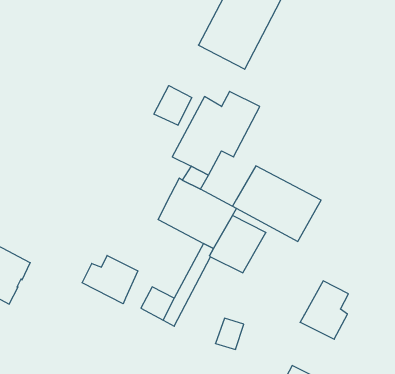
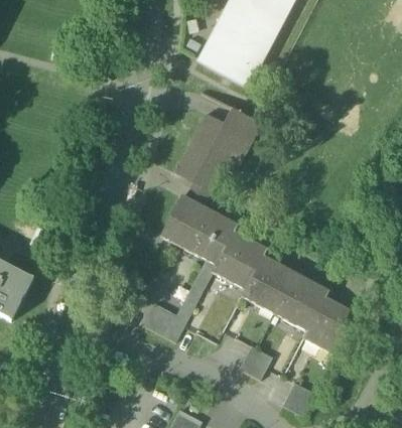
building: [154,86,192,125] -> none
building: [233,166,321,241] -> [241,255,329,330]
building: [82,255,138,304] -> none
building: none -> [239,344,273,379]

